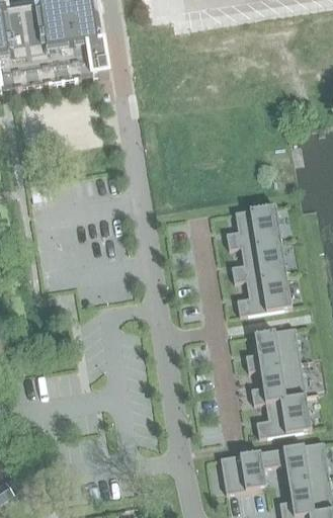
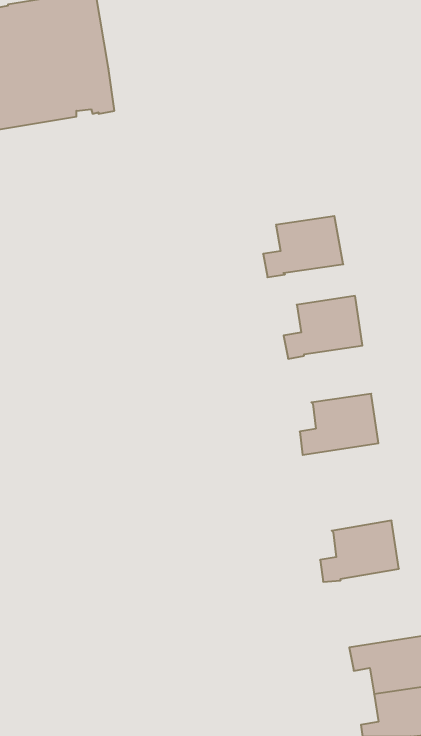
building: [231,240,286,282] -> [263,216,343,277]
building: [245,327,301,370] -> none
building: [256,395,311,437] -> none
building: [221,449,274,493] -> none

